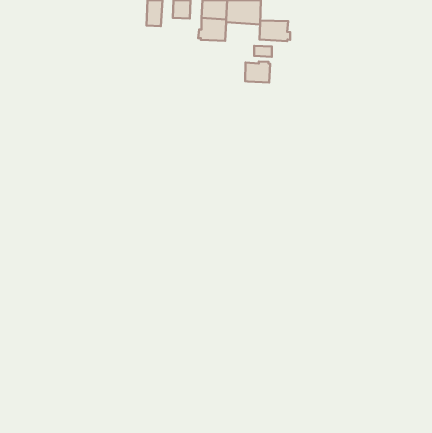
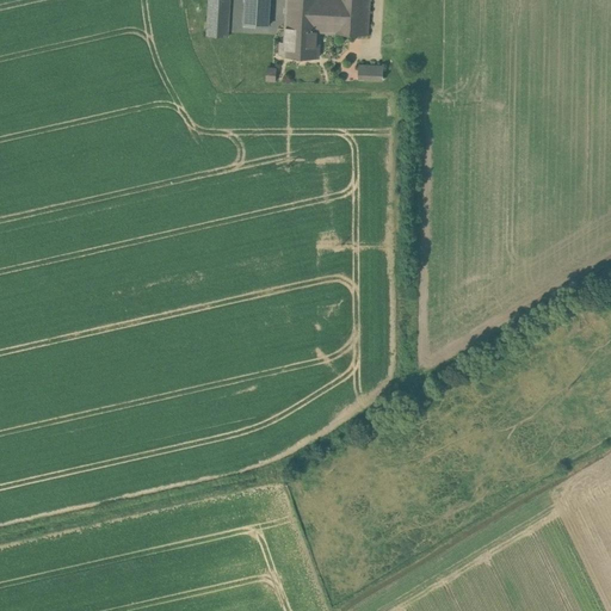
building: [259,20,290,41] -> none
building: [245,62,270,82] -> none

